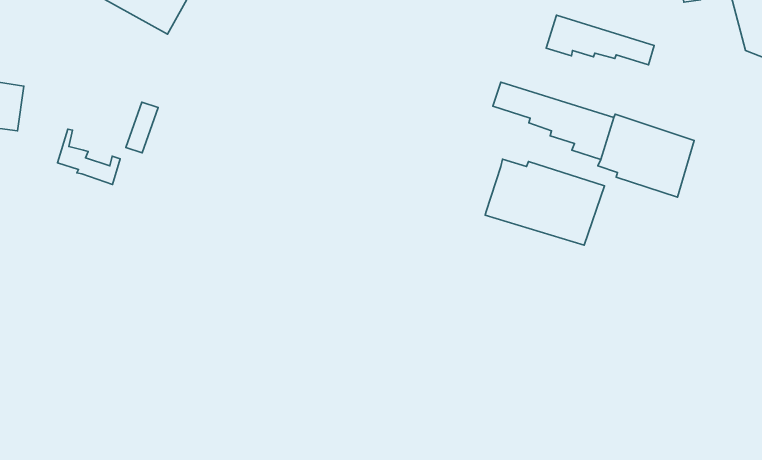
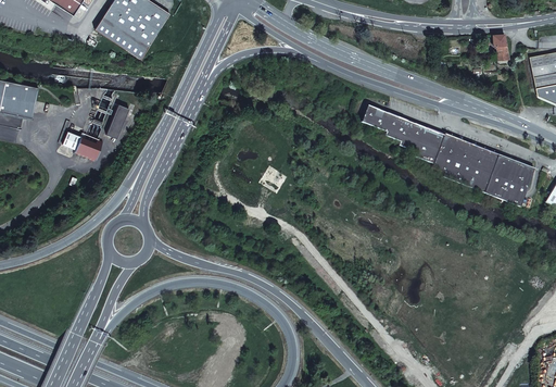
building: [546,15,654,65] -> none
building: none -> [484,154,534,207]
building: [485,159,605,245] -> none

